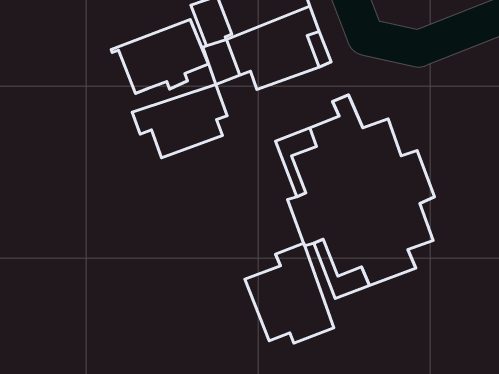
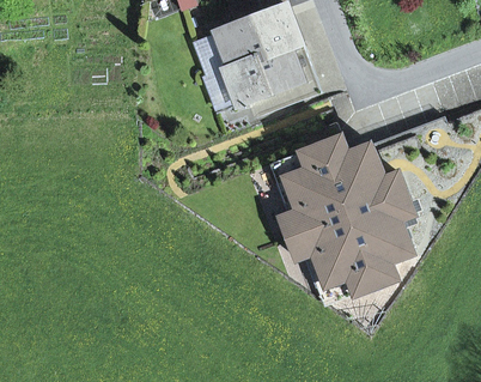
building: [111,19,209,93] -> none
building: [132,84,227,158] -> none
building: [245,243,334,343] -> none

